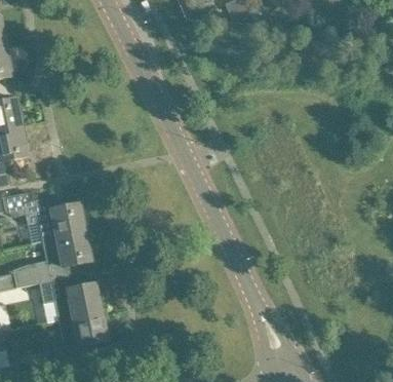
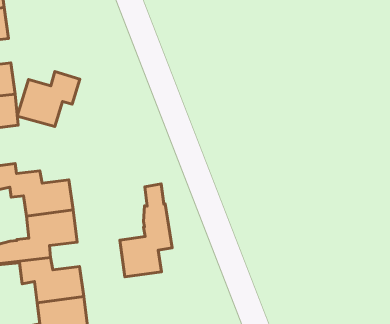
building: none -> [17,72,80,126]
building: none -> [120,184,172,277]

